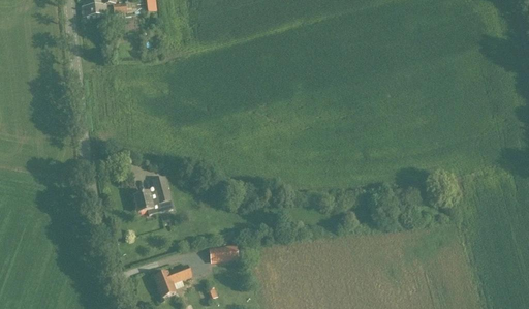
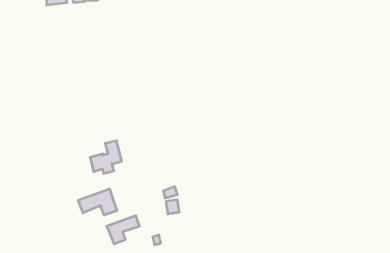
building: none -> [78,189,117,215]

